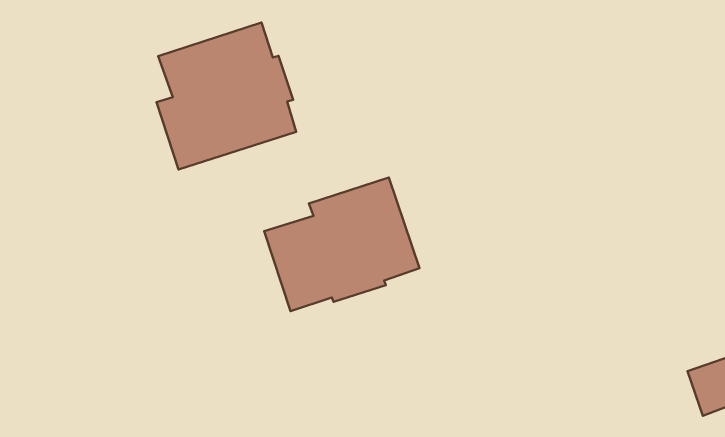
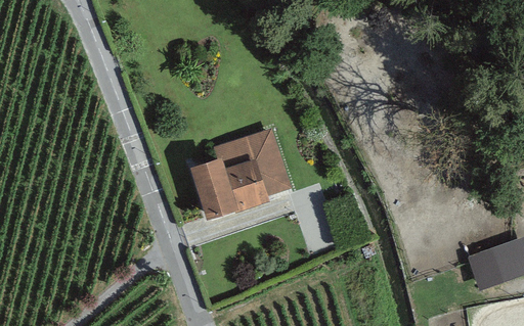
building: [156,22,296,169] -> none

